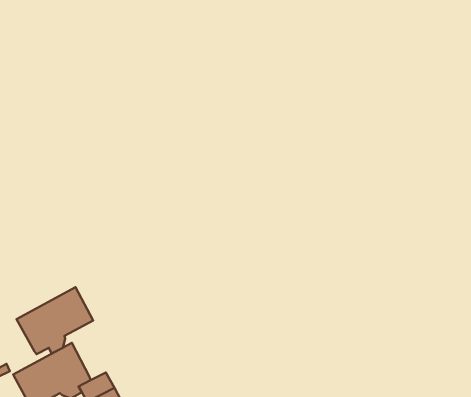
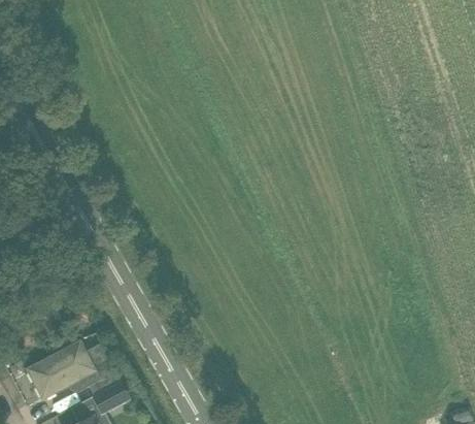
building: [16,287,93,354] -> none

